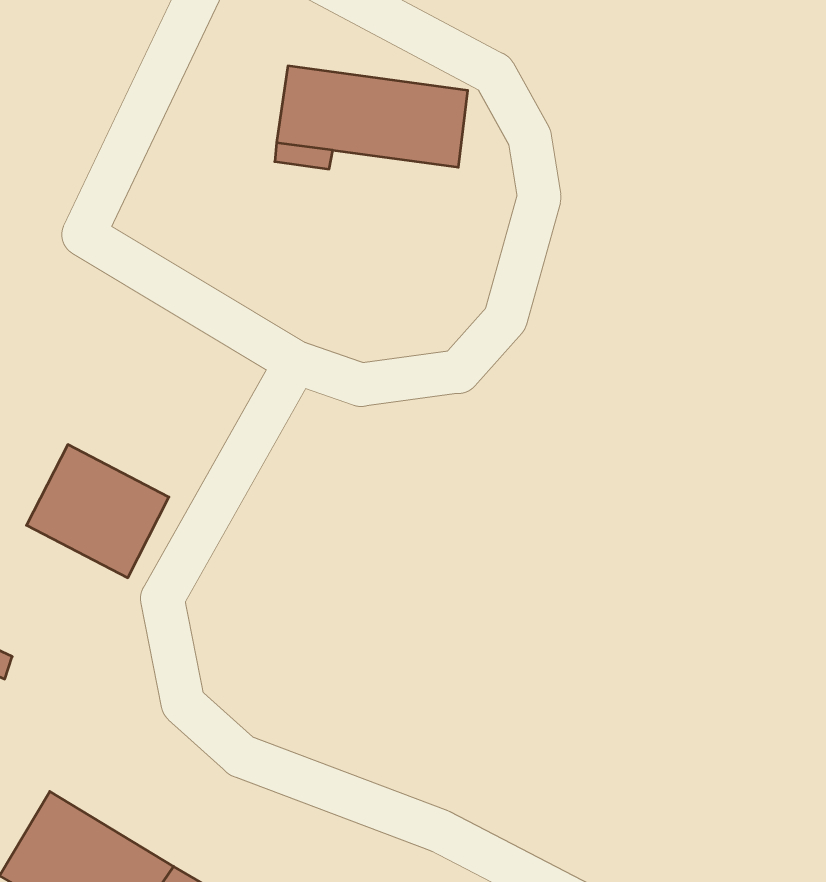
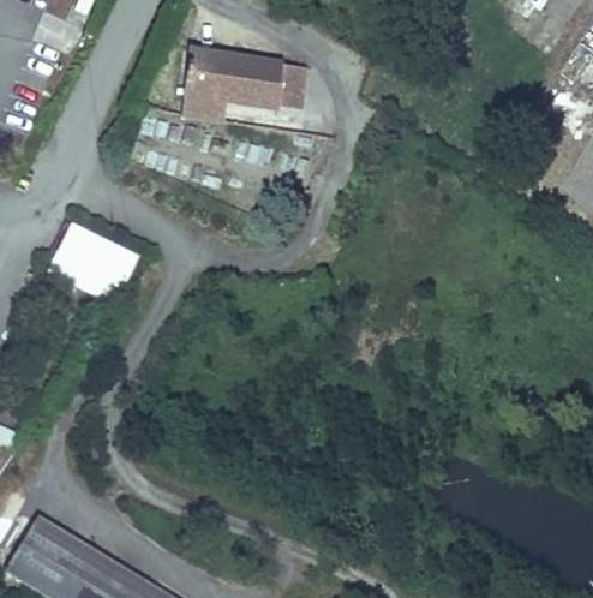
building: [26,445,169,578] -> [49,220,140,305]

